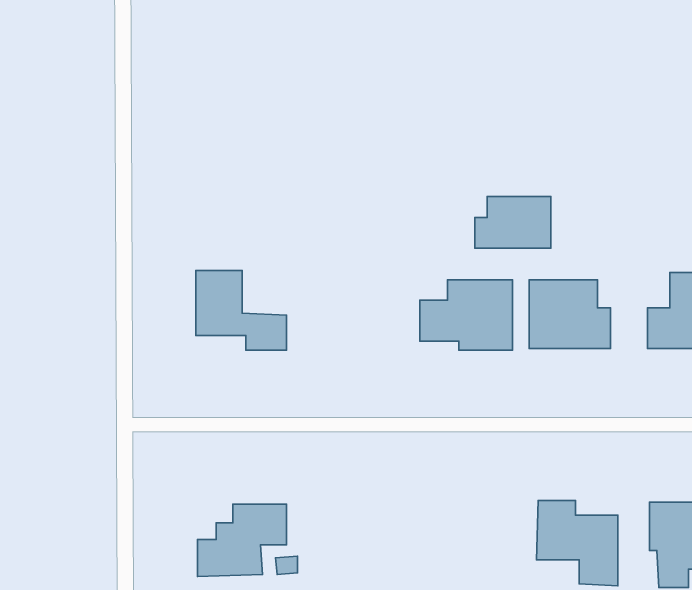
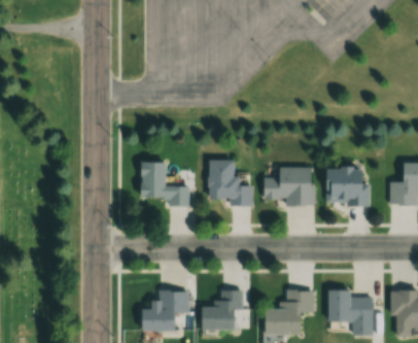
building: [475,197,551,248] -> none
building: none -> [208,160,253,205]
building: none -> [201,289,243,330]
building: none -> [264,289,315,334]

